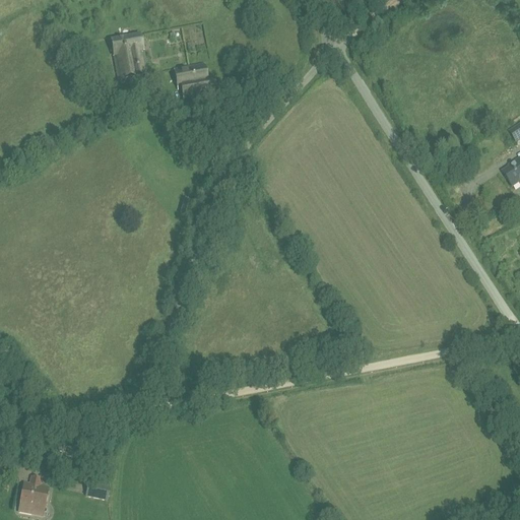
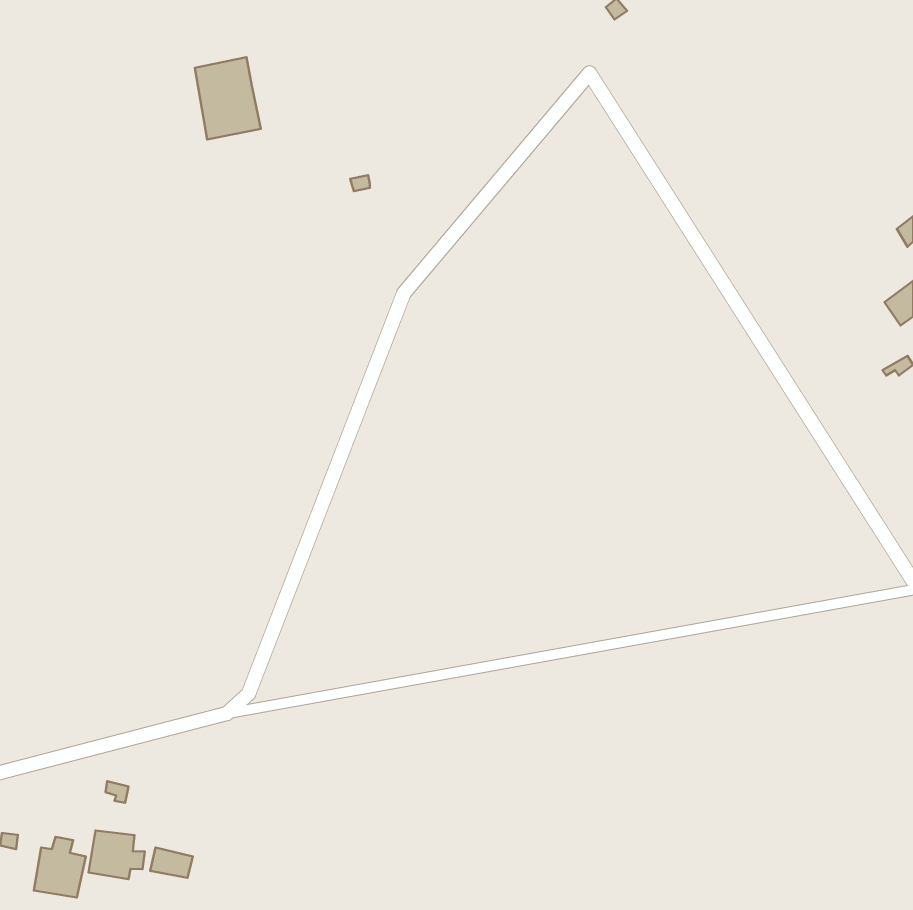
building: [174,63,216,99] -> none
building: none -> [89,831,145,879]

